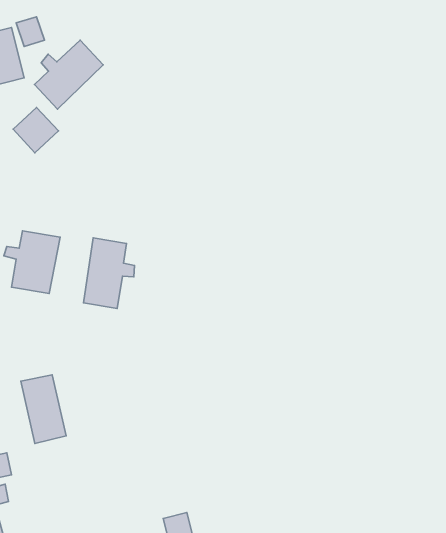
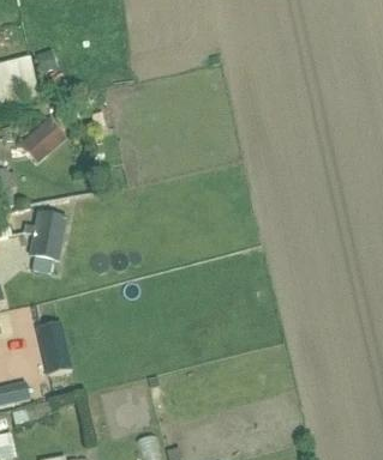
building: [34,40,103,109] -> none
building: [84,238,134,308] -> none

